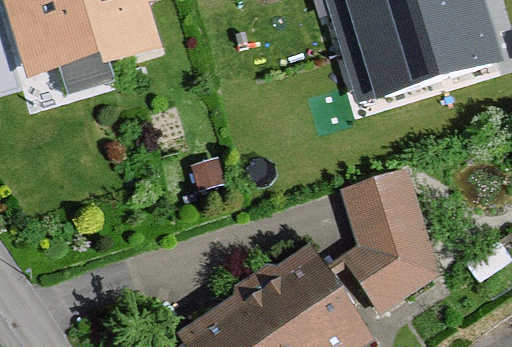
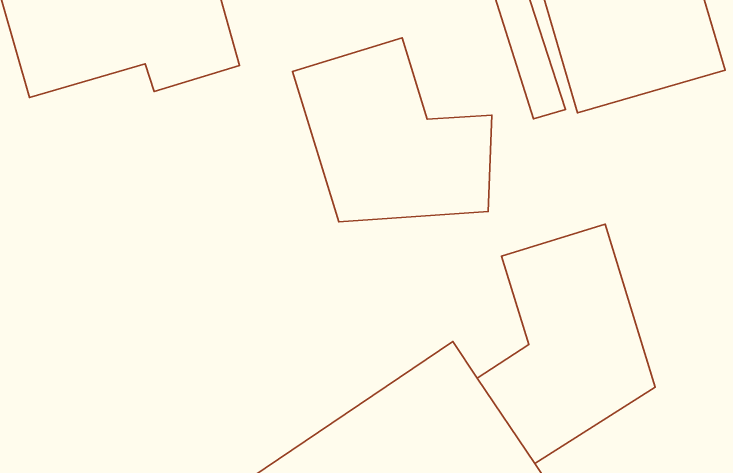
building: none -> [292,38,492,222]

